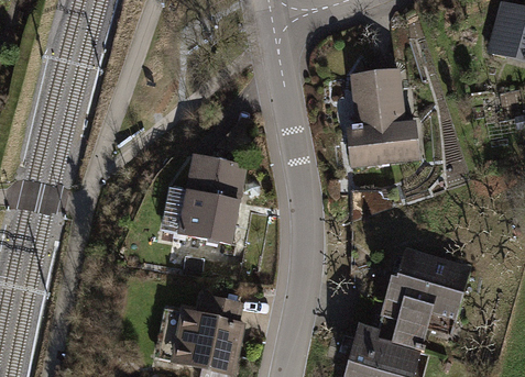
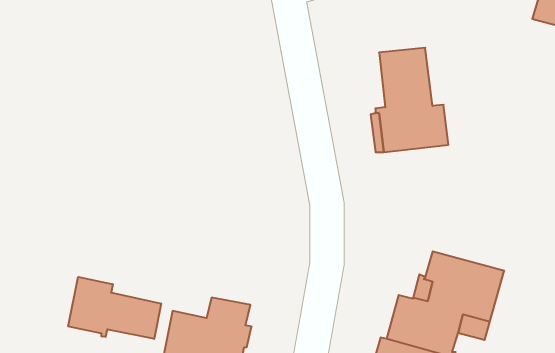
building: [164,156,244,259] -> none
building: none -> [68,277,161,339]

